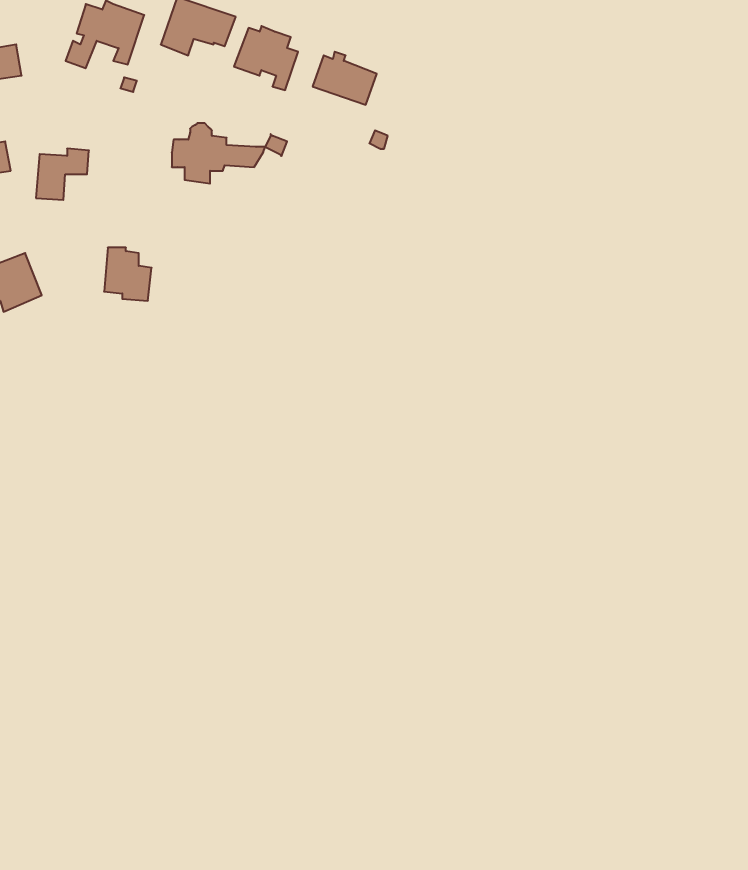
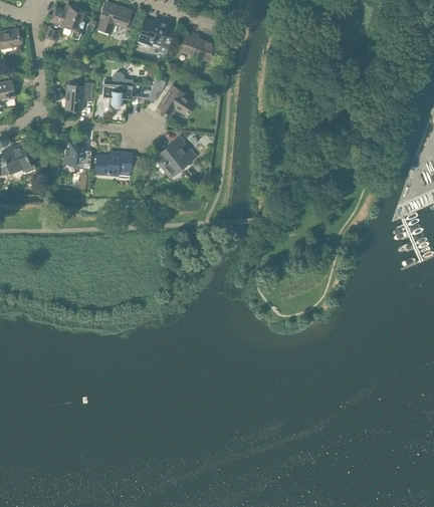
building: [36,149,89,200] -> [65,82,94,110]
building: none -> [157,85,194,116]
building: none -> [155,136,197,178]
building: none -> [94,152,132,176]

